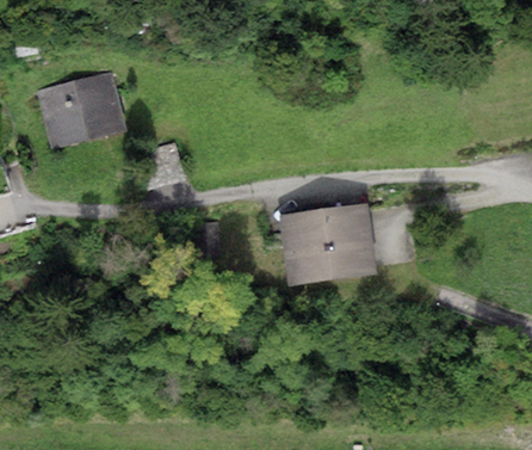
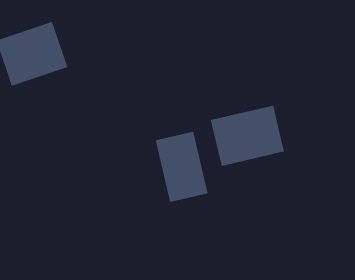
building: none -> [155,131,209,203]

